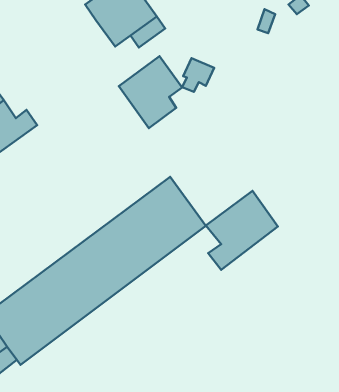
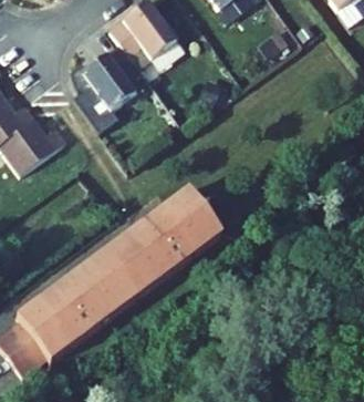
building: [119,56,182,128] -> [82,45,141,112]
building: [206,191,278,270] -> none

